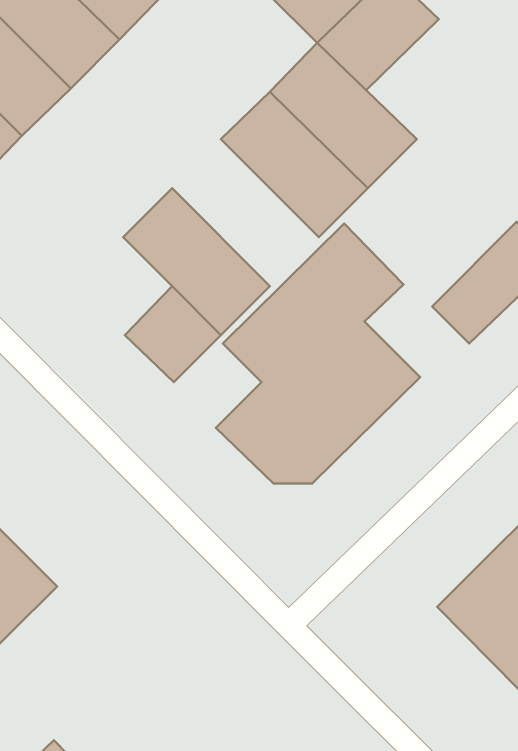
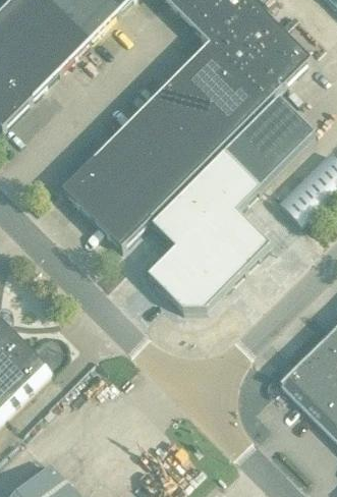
building: none -> [238,26,312,99]
building: none -> [225,96,315,185]
building: none -> [121,99,210,187]
building: none -> [63,158,121,217]

